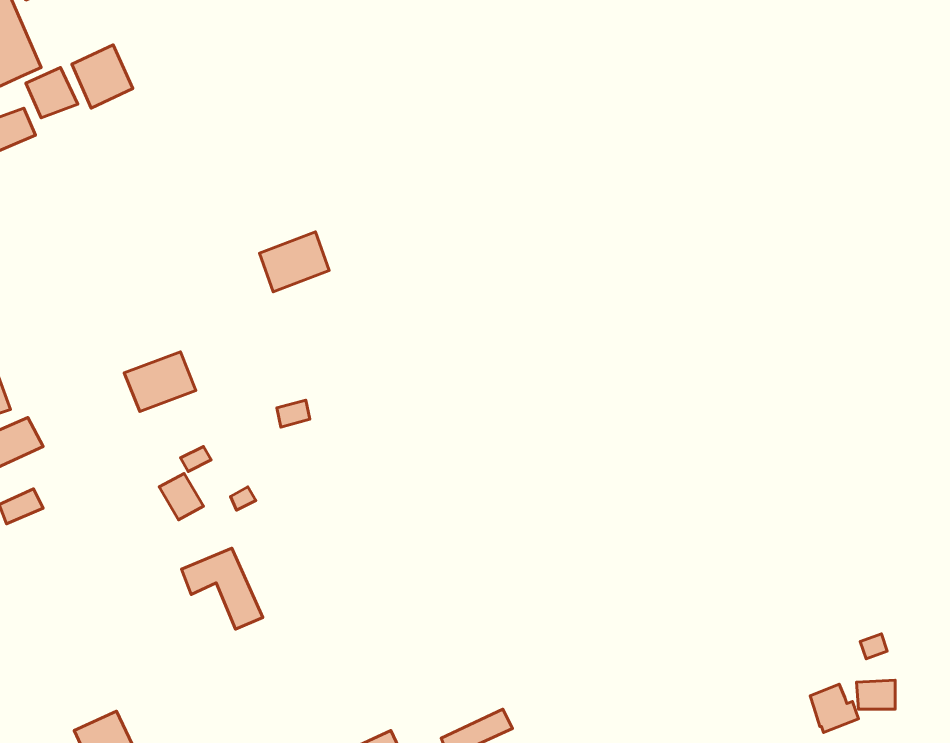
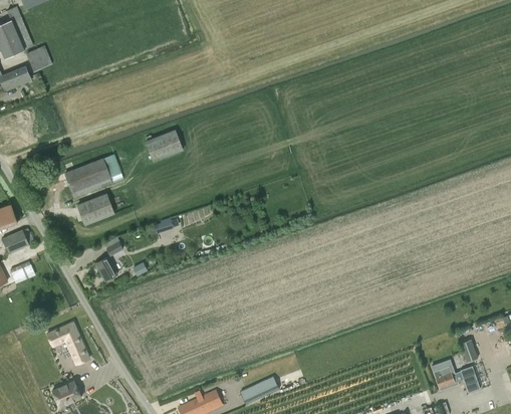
building: [72,45,133,108] -> none
building: none -> [64,154,118,196]
building: [182,548,263,629] -> [46,321,88,363]

